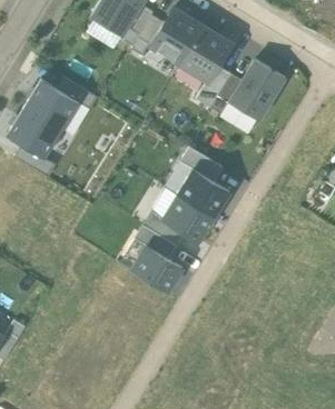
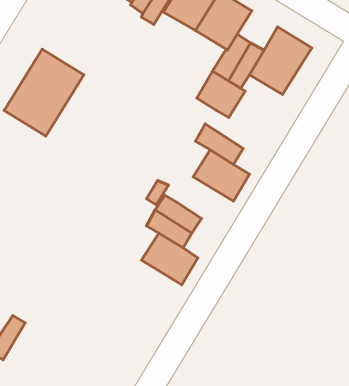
building: none -> [197,71,245,117]
building: [164,194,215,240] -> none

